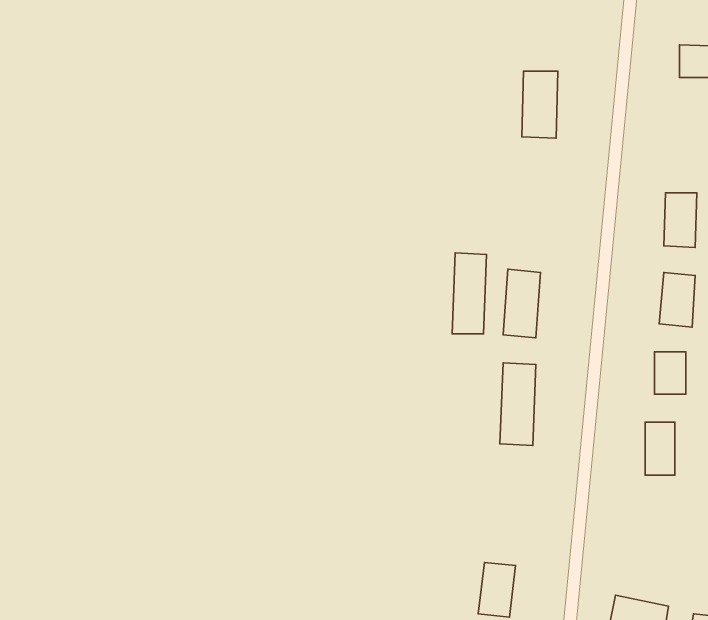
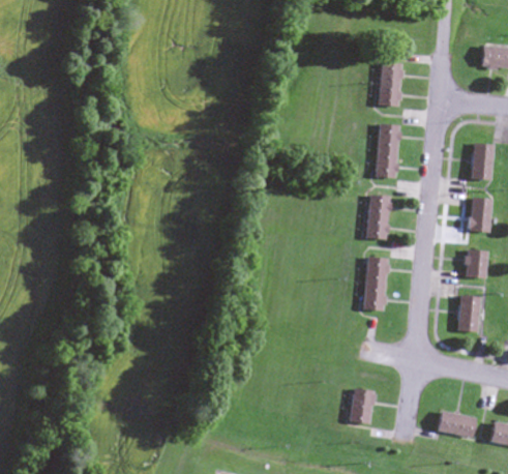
building: [452,253,486,334] -> [377,123,399,177]

